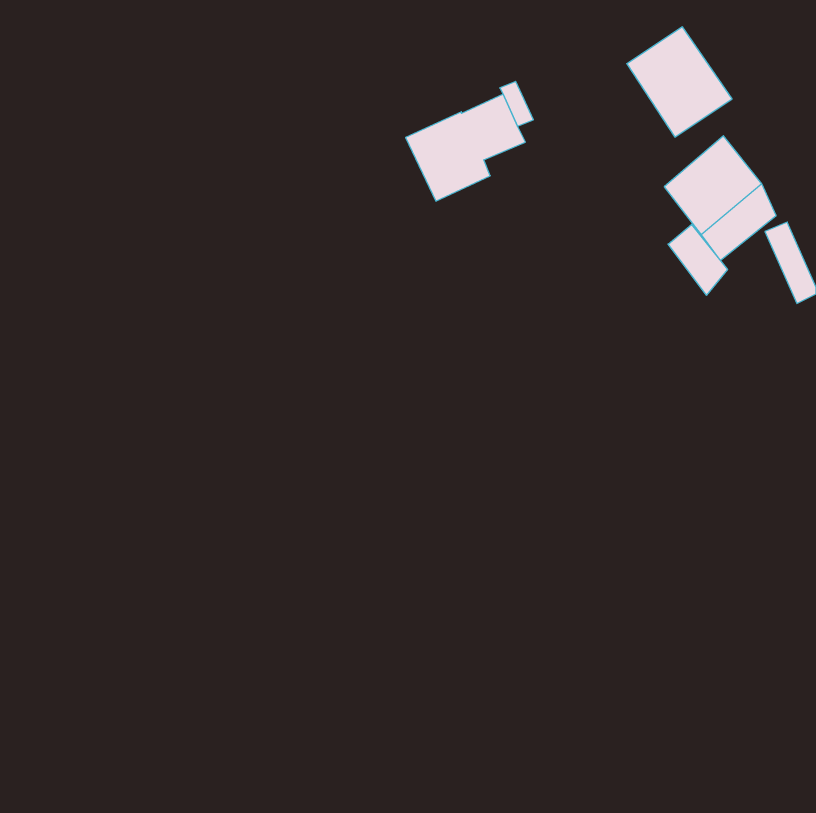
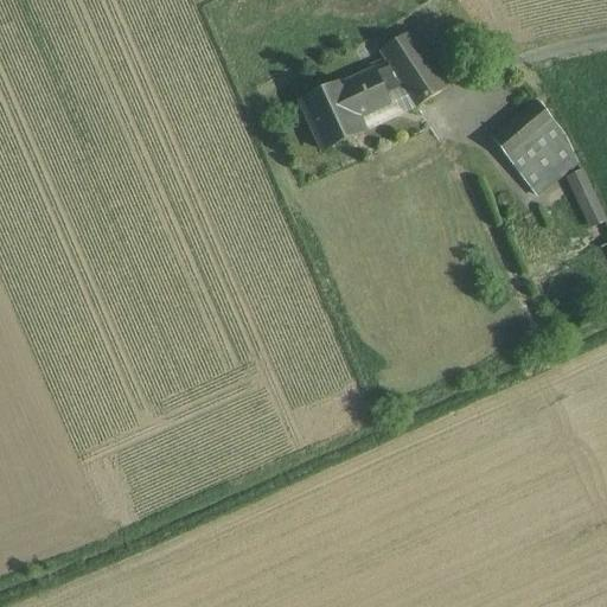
building: [627,27,732,137] -> [381,25,459,107]
building: [668,224,727,295] -> none

